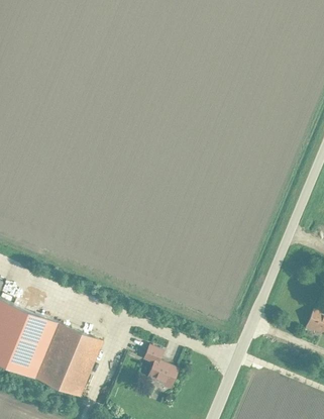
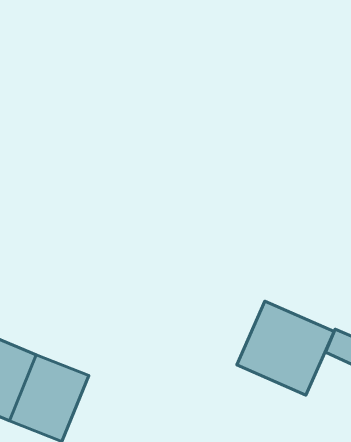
building: none -> [237,301,334,395]
building: [143,346,178,390] -> none

